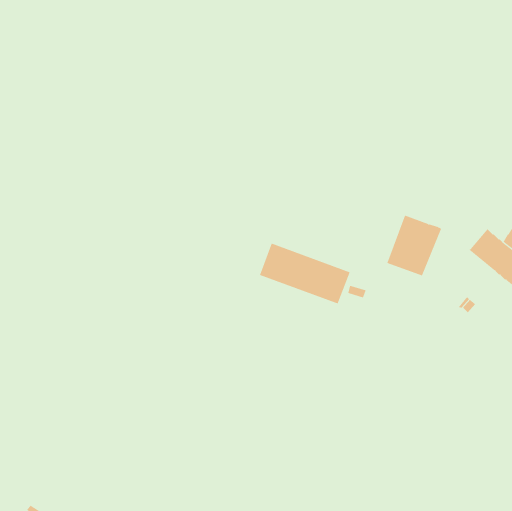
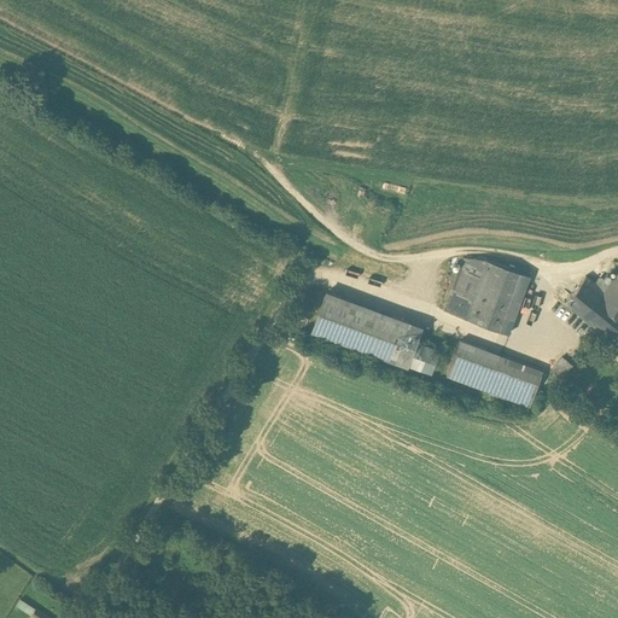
building: none -> [445,258,488,319]
building: none -> [448,343,542,408]

